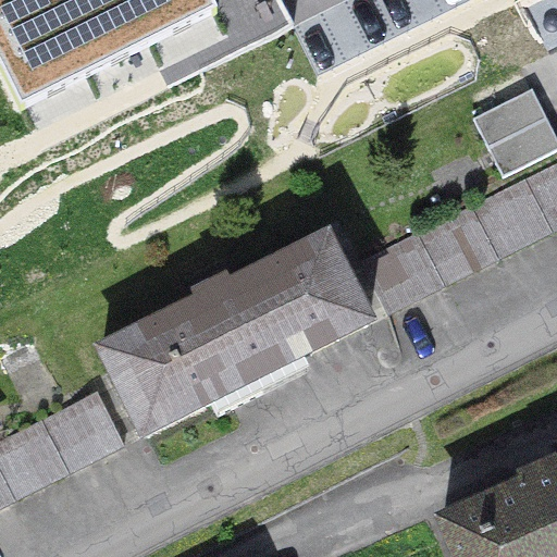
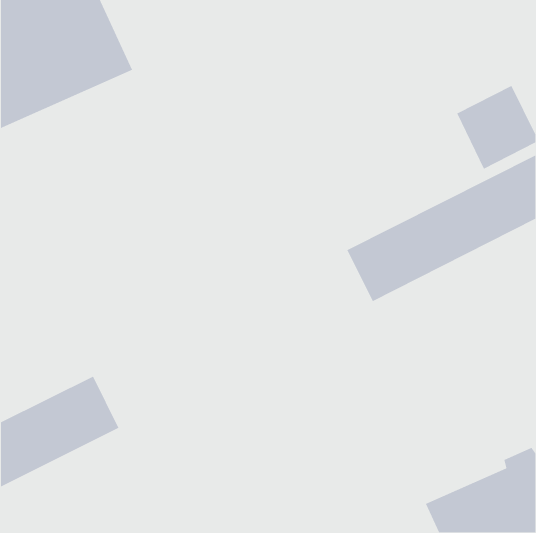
building: [100,239,368,435] -> none

